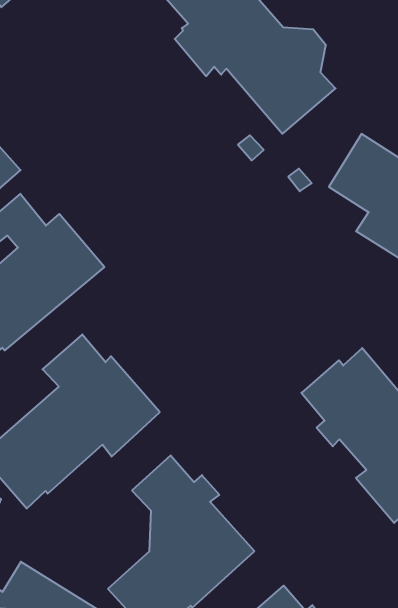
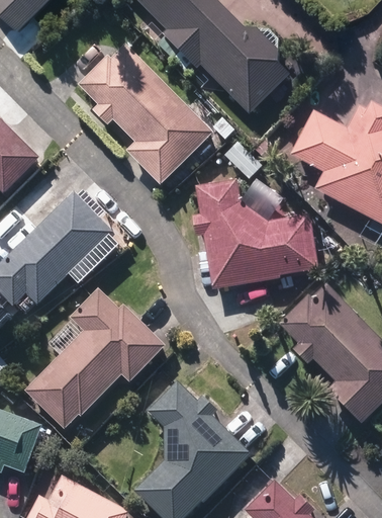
building: none -> [78,45,212,185]
building: none -> [192,180,318,288]

